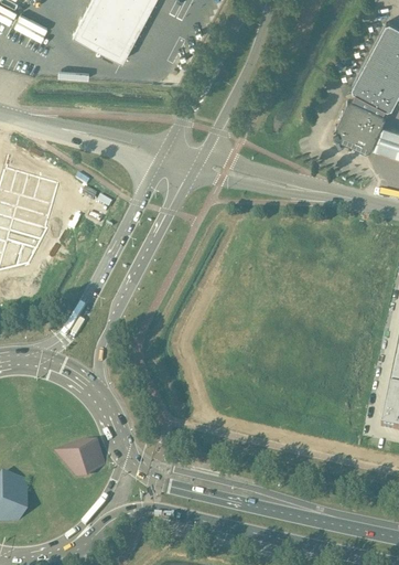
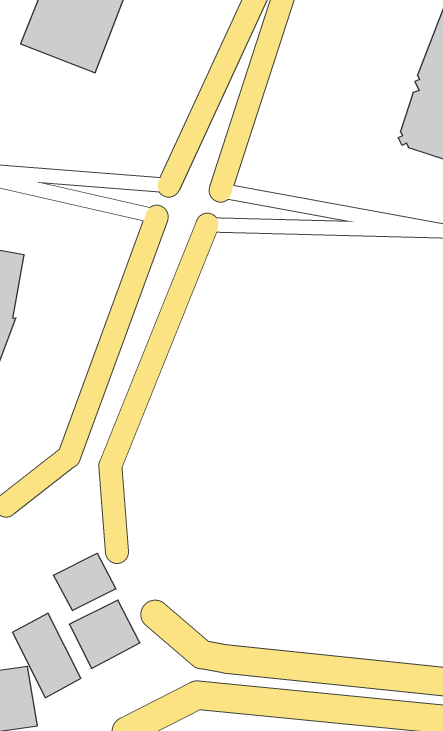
building: none -> [54,553,116,611]
building: none -> [13,613,81,698]

